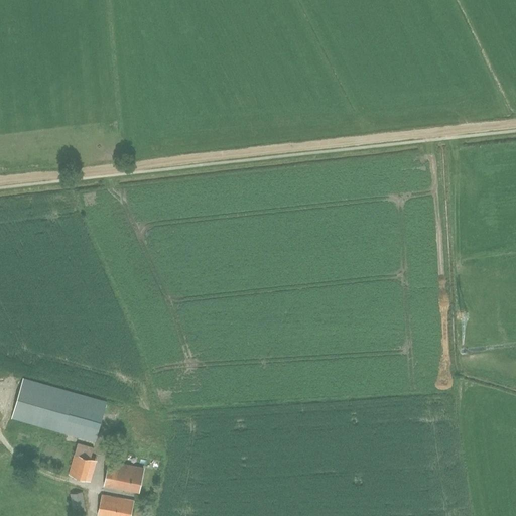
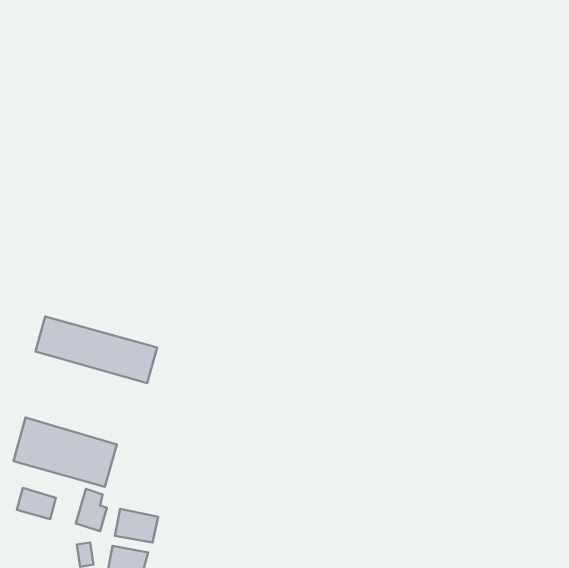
building: none -> [36,317,157,383]
building: none -> [17,488,56,519]

